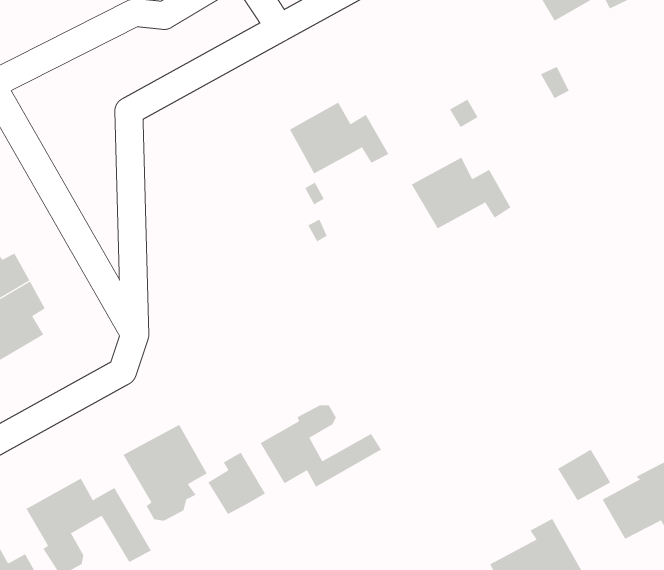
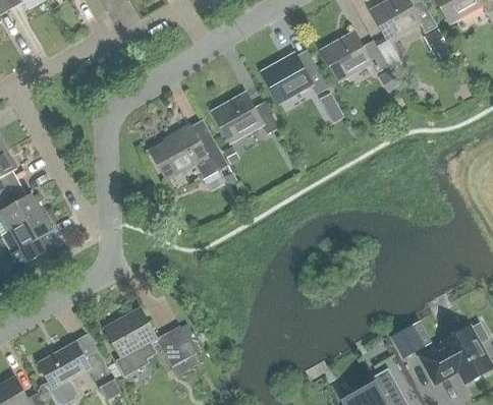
building: none -> [321,33,387,80]
building: none -> [150,125,227,179]
building: [411,157,511,229] -> [261,54,327,102]
building: [260,404,382,487] -> none

